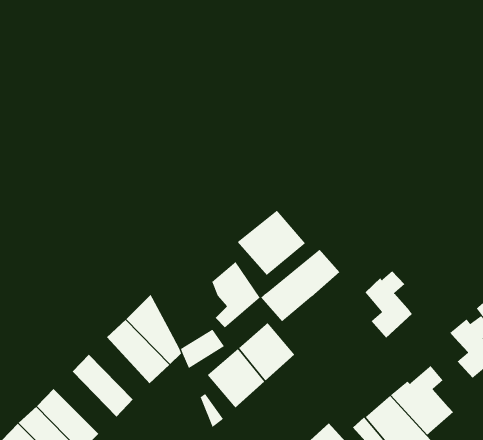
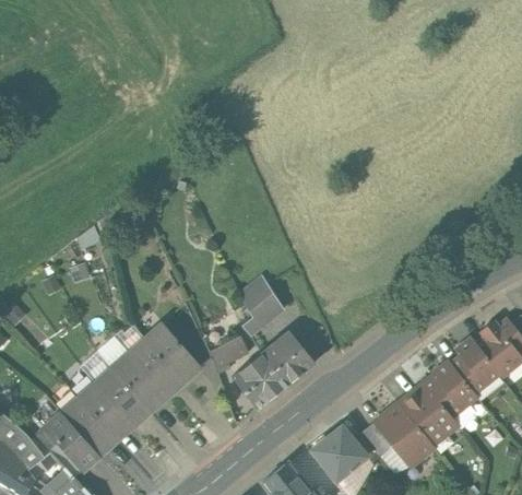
building: [237,210,306,276] -> none
building: [261,249,340,322] -> none
building: [364,270,413,338] -> [434,356,476,417]
building: none -> [128,338,181,396]
building: none -> [94,367,150,425]

